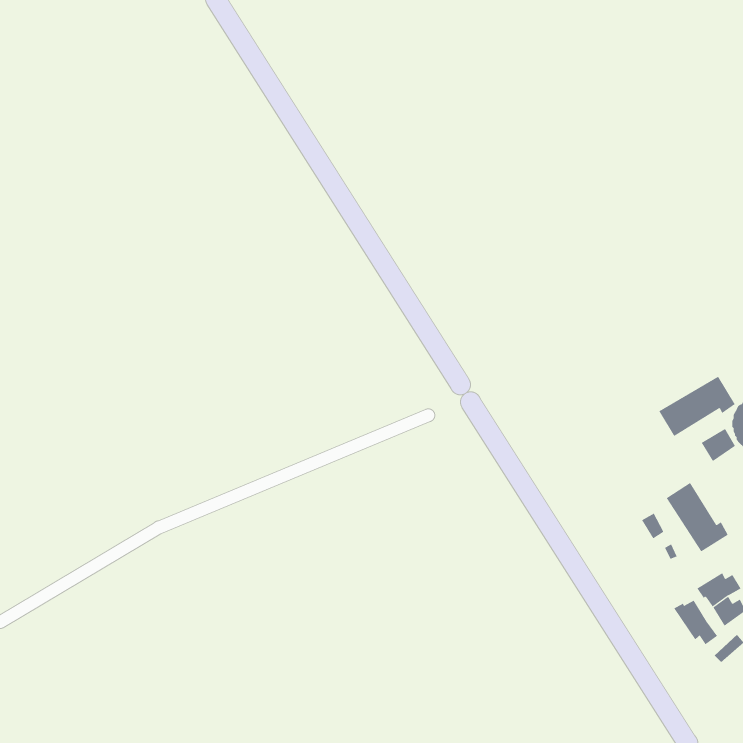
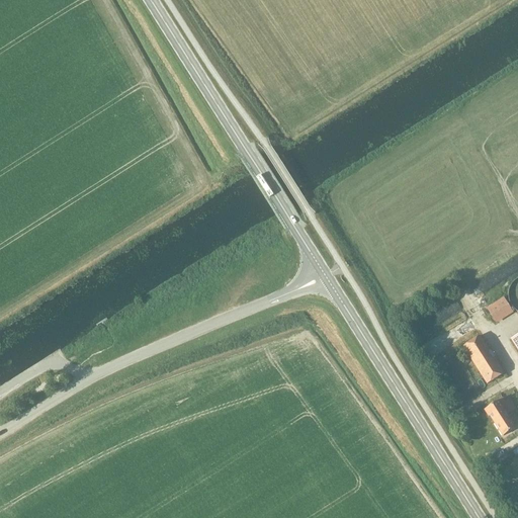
building: [659,376,736,437] -> none
building: [674,600,718,645] -> none

